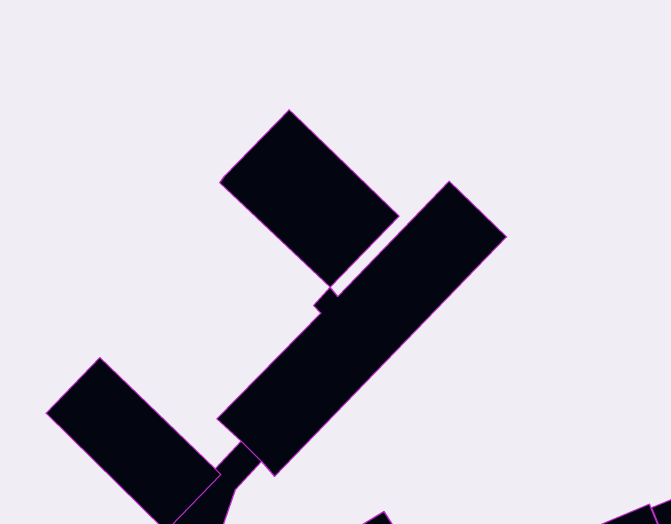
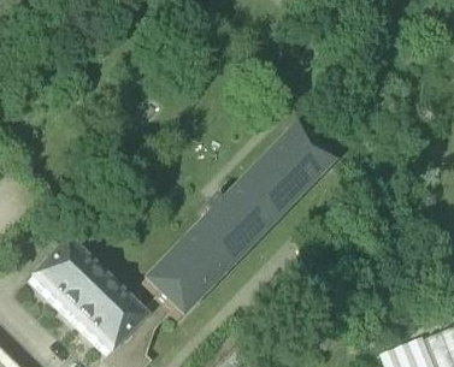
building: [220,110,399,287] -> none

